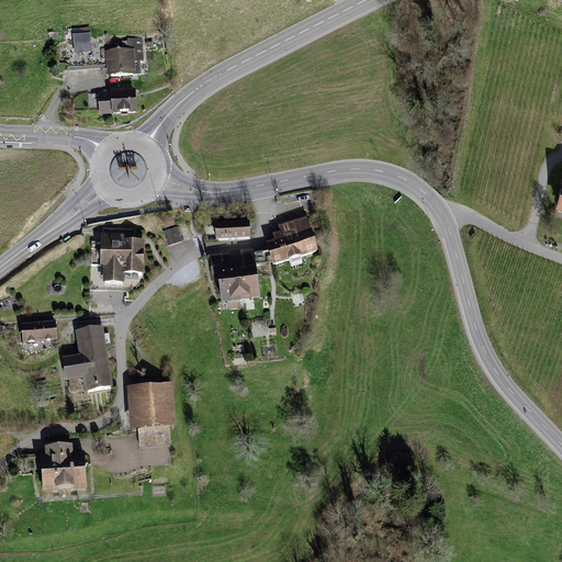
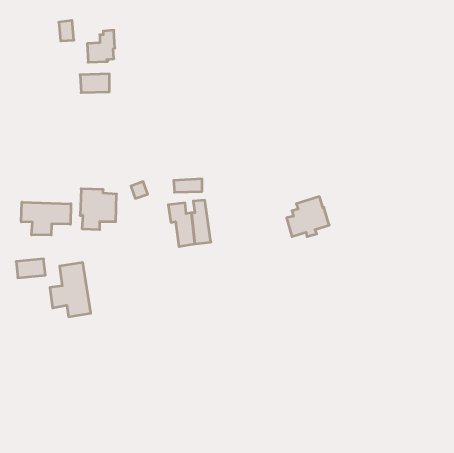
building: [265,215,317,265] -> [287,197,329,237]
building: none -> [21,202,71,235]
building: [126,382,176,447] -> none
building: [40,443,86,491] -> none

